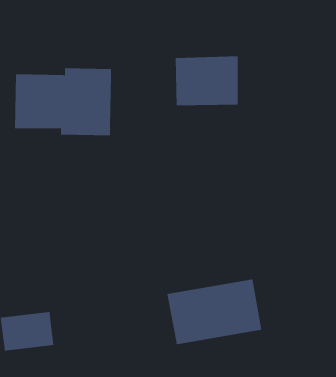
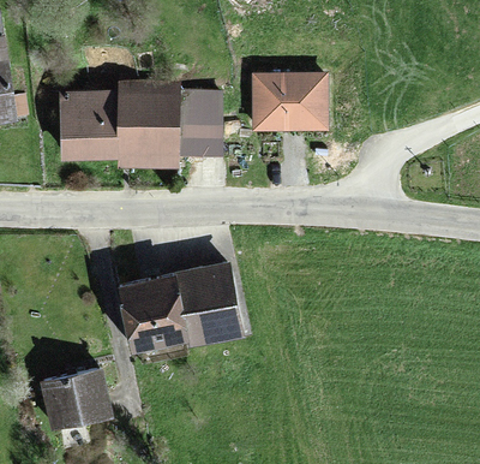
building: none -> [176,93,217,154]
building: [166,279,262,345] -> [122,269,238,349]

